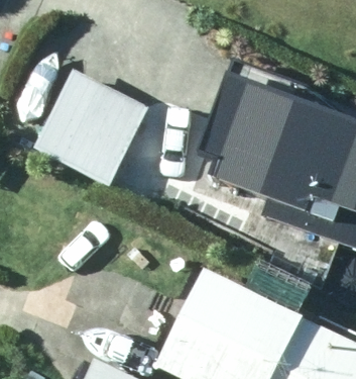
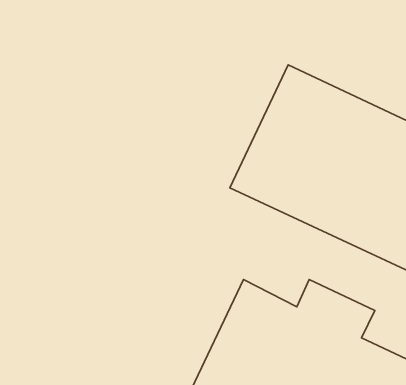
building: [33,67,149,183] -> none

